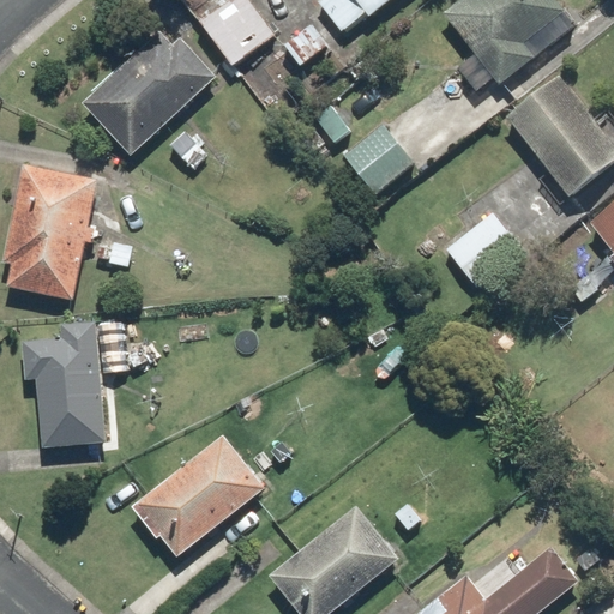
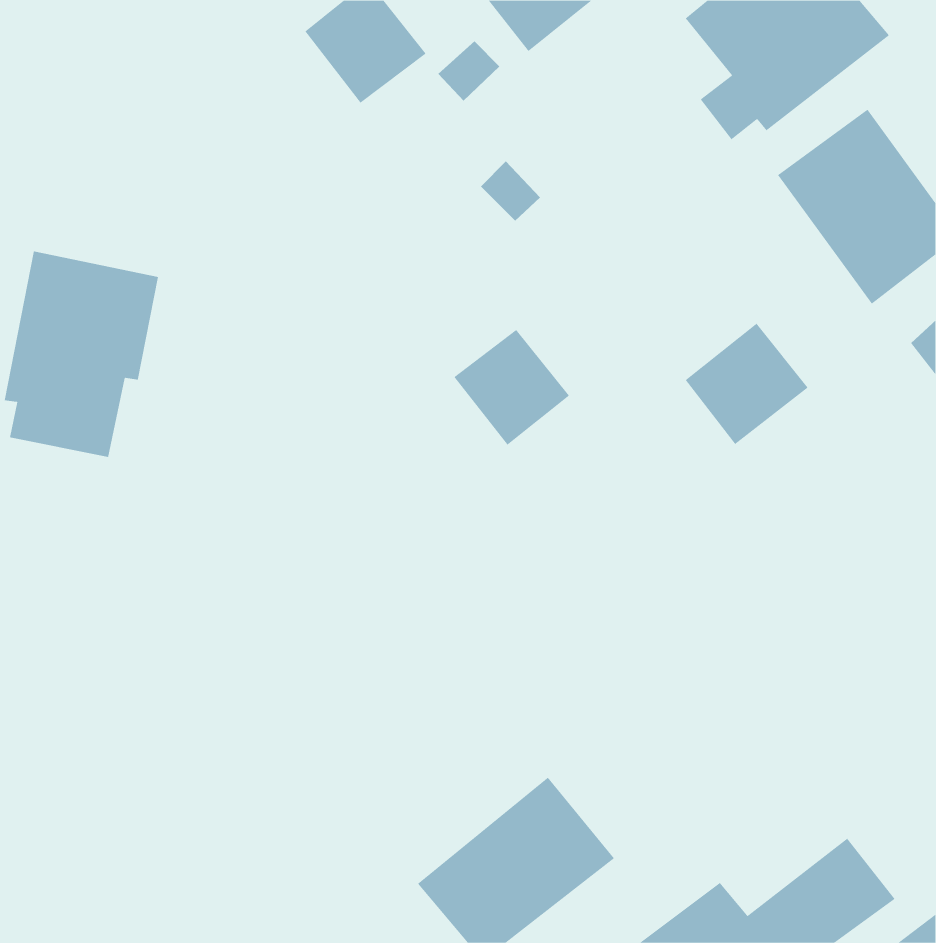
building: [80,29,216,155] -> none
building: [339,122,415,198] -> [454,329,570,445]
building: [20,321,125,446] -> none
building: [133,435,265,559] -> none

